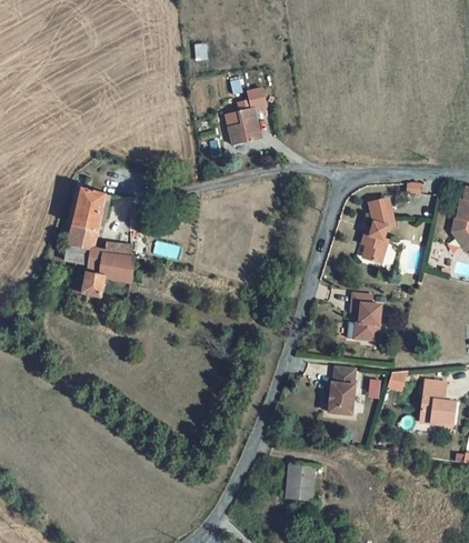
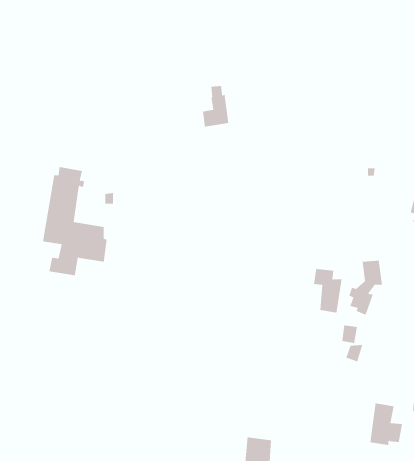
building: [359,200,396,259] -> [348,260,383,315]
building: [328,369,355,421] -> none
building: [417,384,452,430] -> [369,403,403,446]

